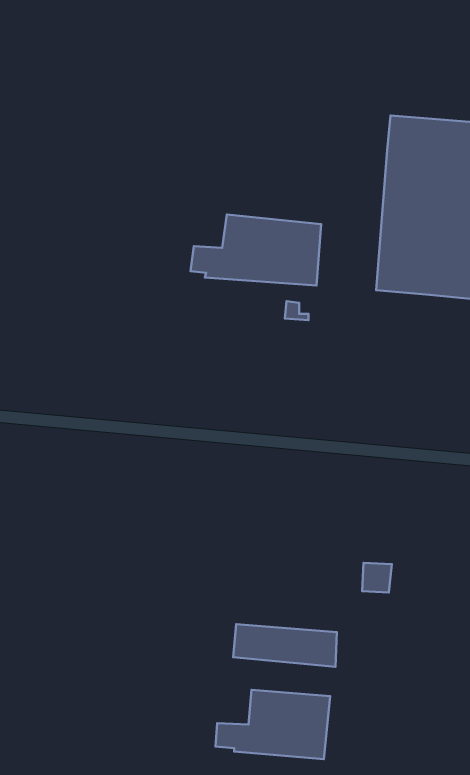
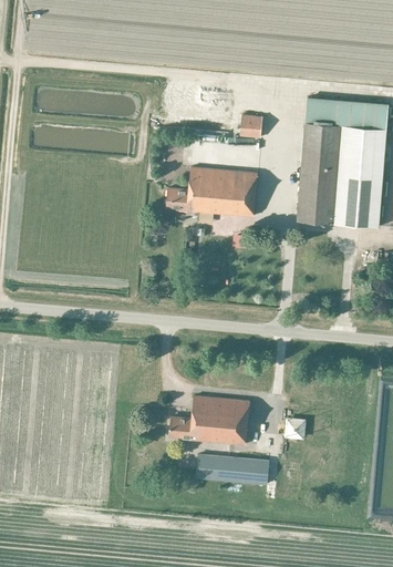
building: none -> [239,114,262,137]
building: [215,690,330,759] -> [168,395,249,444]

